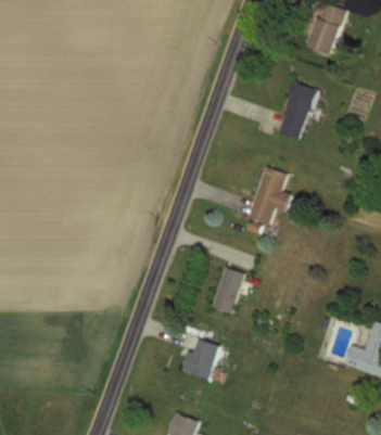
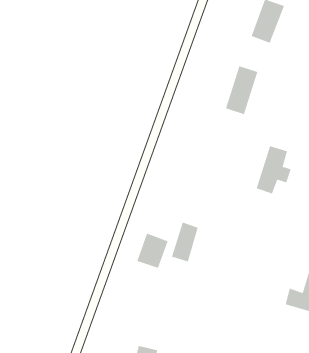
building: [247,166,290,223] -> [256,146,292,194]
building: [183,337,221,380] -> [137,233,169,269]

